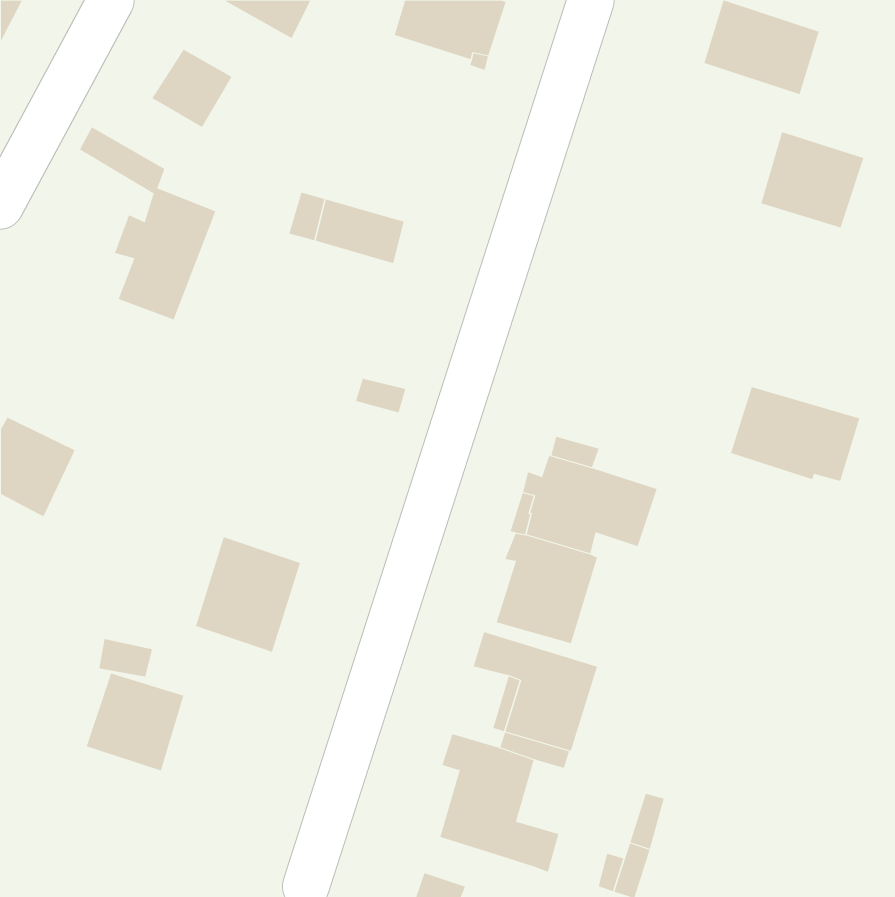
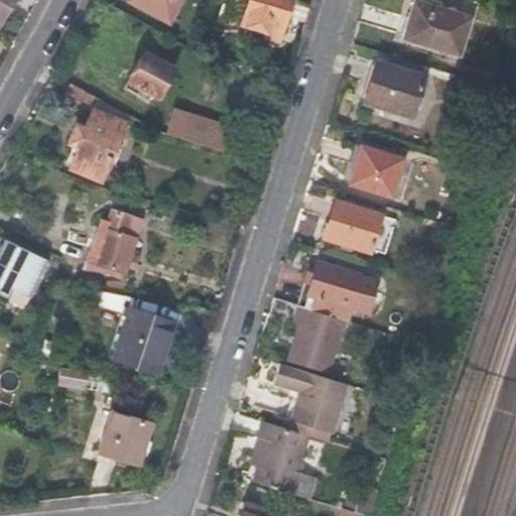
building: [152,49,233,128] -> [129,51,175,97]
building: [760,131,864,228] -> [366,61,425,117]
building: none -> [348,146,405,199]
building: none -> [85,210,143,278]
building: [730,386,860,481] -> [324,201,398,255]
building: [86,673,184,771] -> [98,411,154,468]

